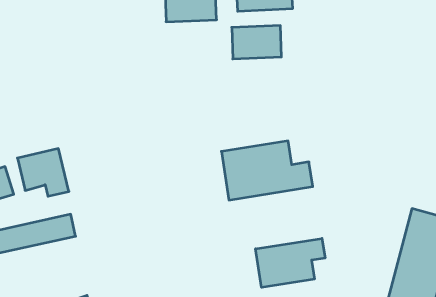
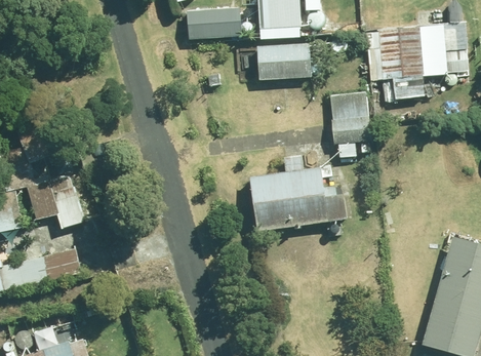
building: none -> [367,24,466,95]
building: none -> [330,91,369,140]
building: [256,238,325,287] -> none

